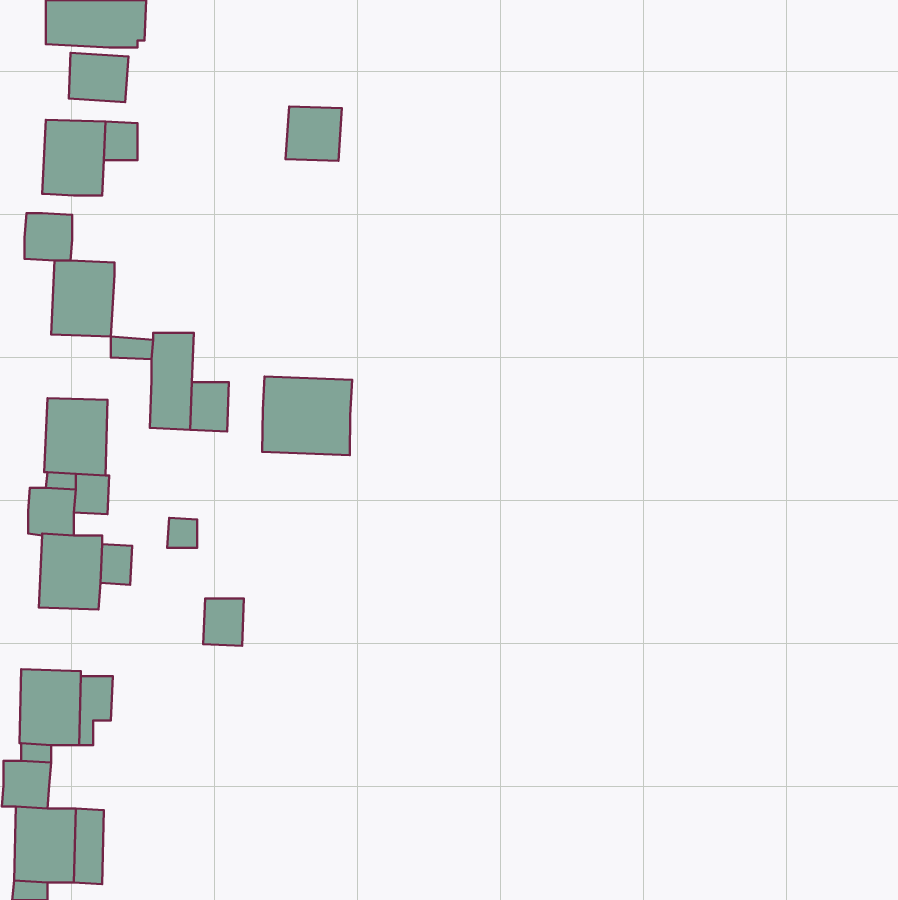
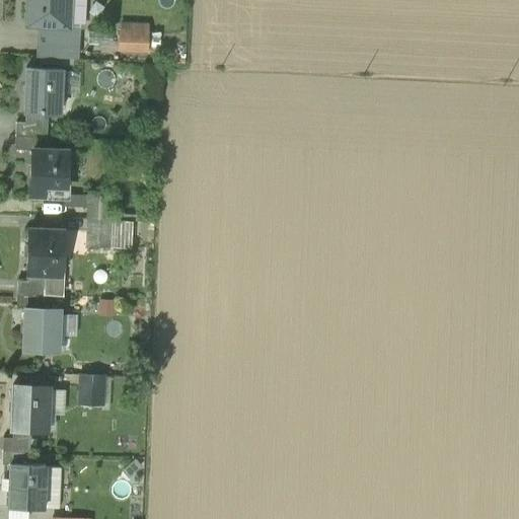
building: [286,106,342,161] -> [118,21,150,53]
building: [262,377,352,455] -> none
building: [203,598,244,646] -> [80,376,103,403]

